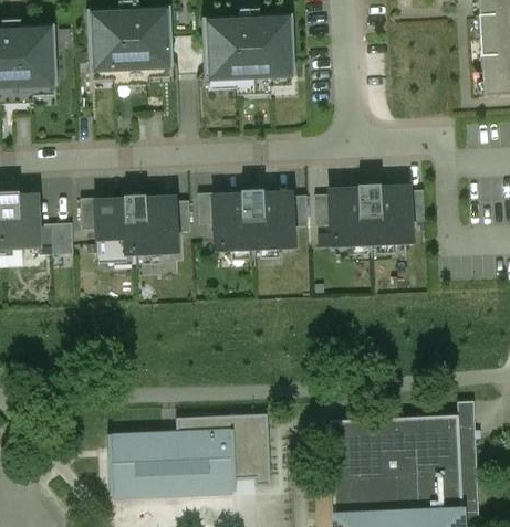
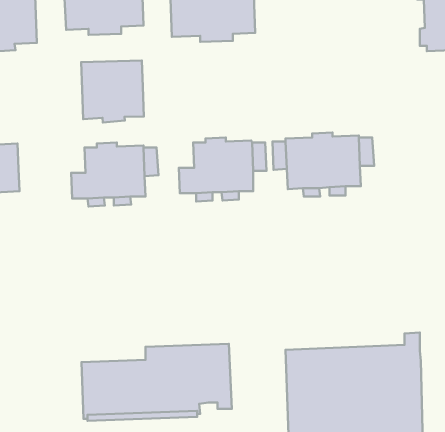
building: none -> [81,61,144,122]
building: [198,190,230,222] -> none
building: [81,196,112,228] -> none
building: [39,222,74,254] -> none

